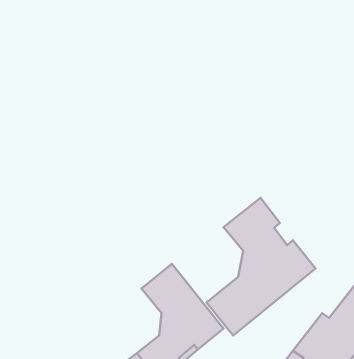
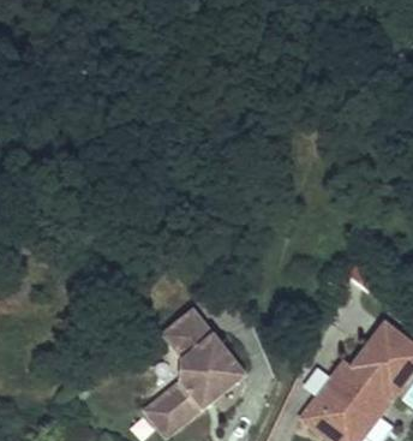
building: [206,198,315,335] -> none

